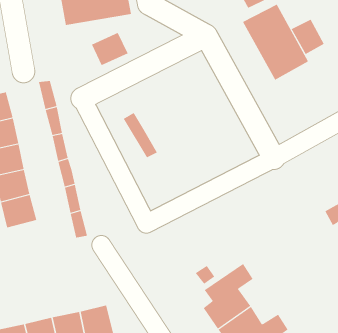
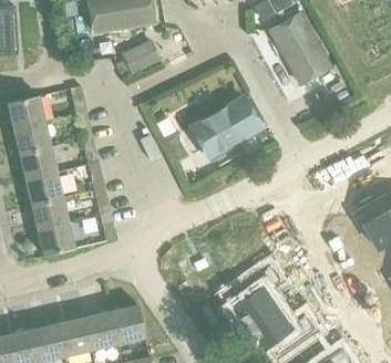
building: [291,19,325,55] -> none
building: none -> [191,95,266,159]
building: none -> [39,224,74,257]

